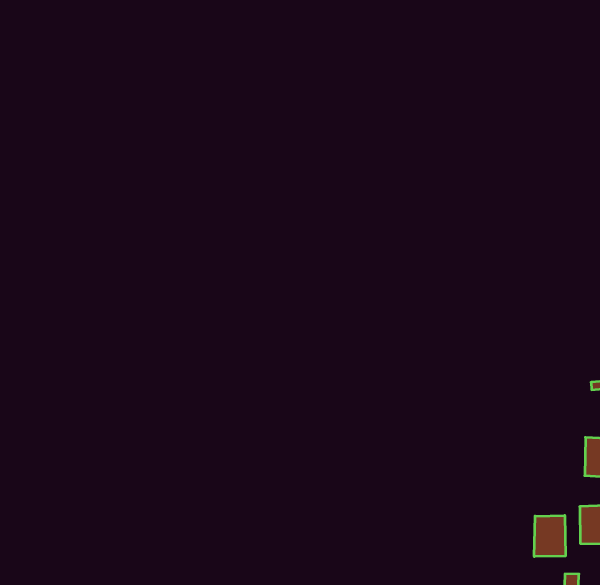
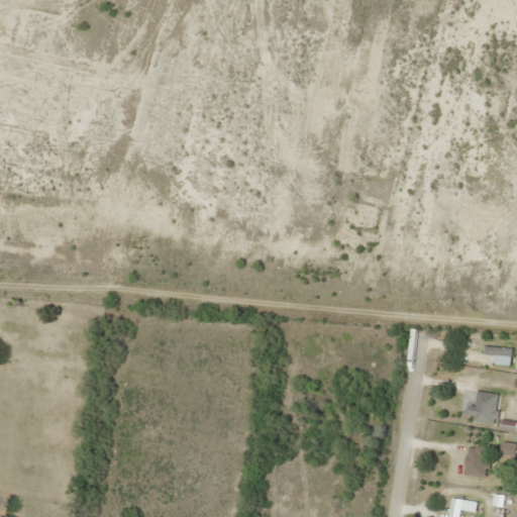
building: [534,515,565,557] -> none

